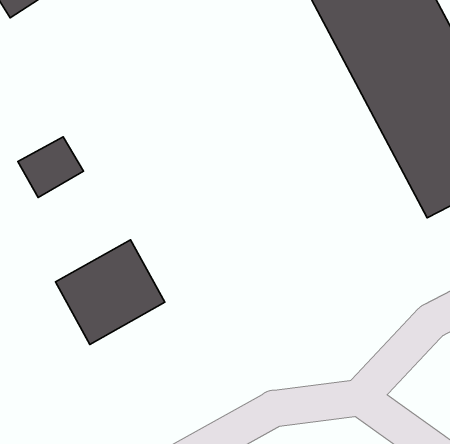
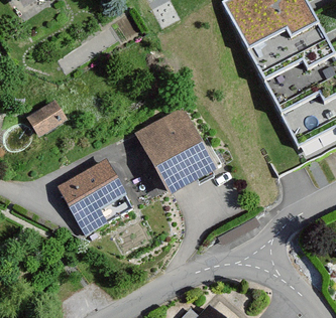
building: none -> [136,106,221,199]

